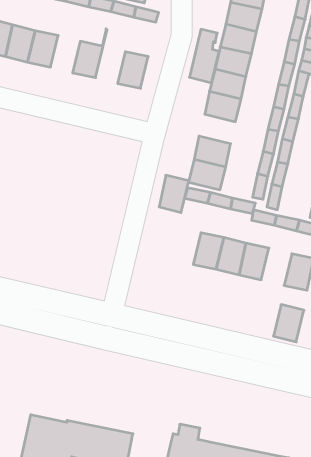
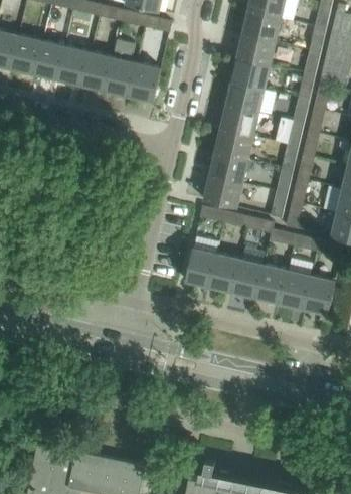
building: [189,29,219,83] -> [106,41,137,98]
building: none -> [58,47,90,87]
building: none -> [214,130,252,161]
building: [159,175,189,213] -> [185,249,216,288]
building: [273,305,304,342] -> [280,271,312,310]

